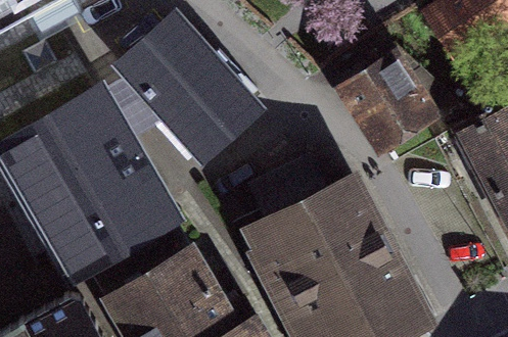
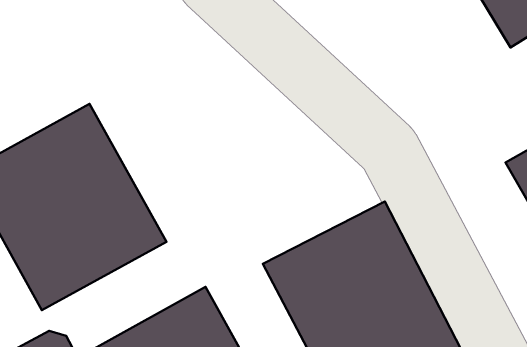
building: [120,20,260,161] -> none
building: [341,53,431,153] -> none

